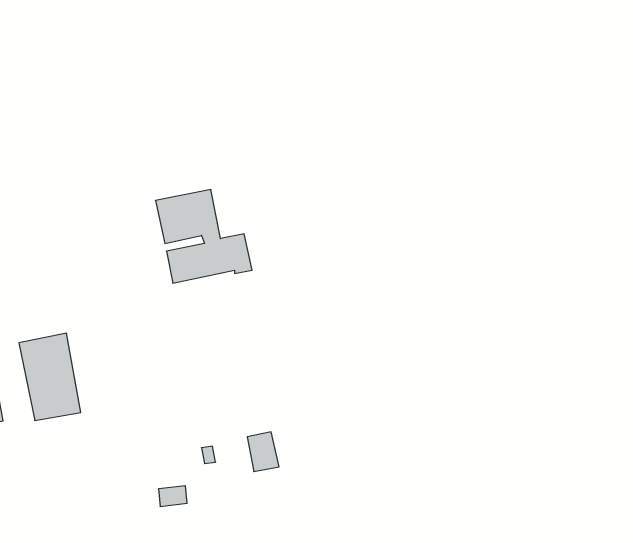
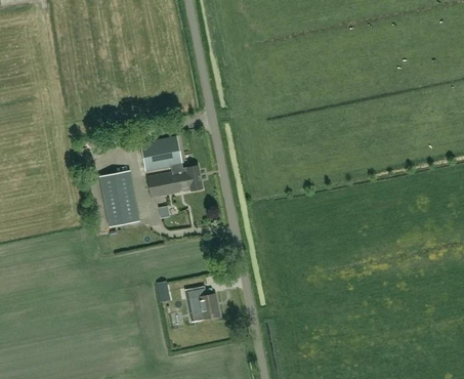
building: [19,333,81,420] -> [98,169,138,225]

